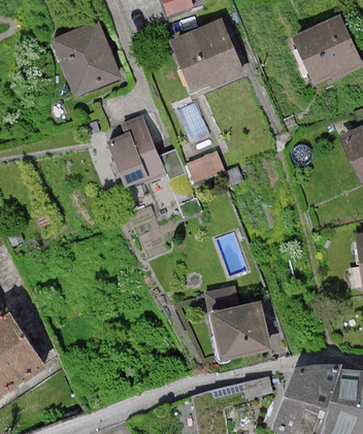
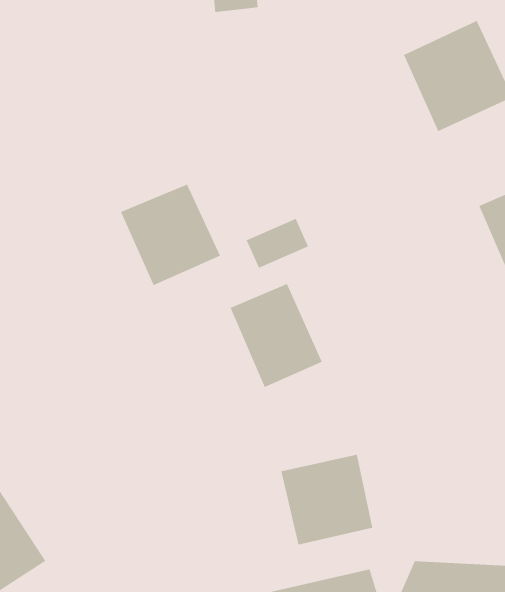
building: [169,15,244,92] -> none
building: [51,18,124,97] -> none
building: none -> [230,283,323,388]

